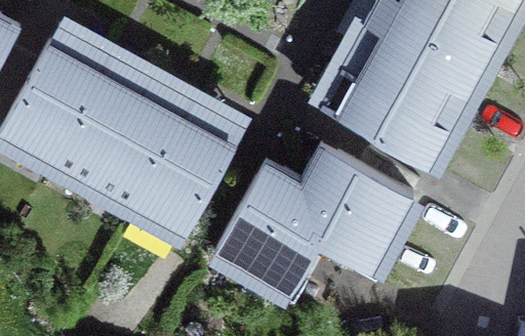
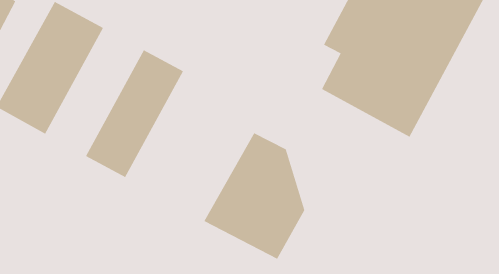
building: [50,56,152,190] -> none
building: [133,101,235,240] -> none
building: [300,150,414,274] -> none

